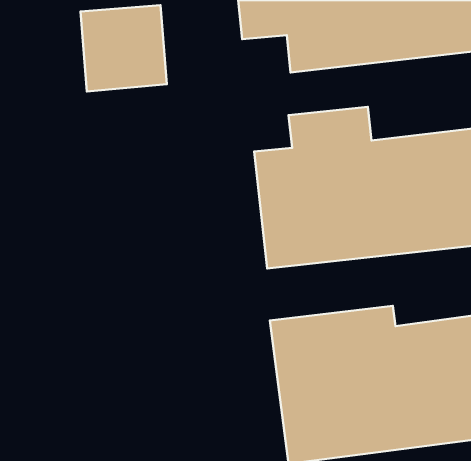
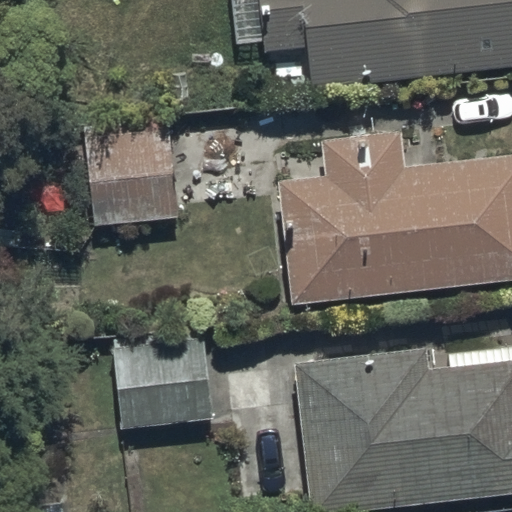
building: [80,5,167,92] -> [84,126,177,219]
building: none -> [111,336,215,435]

